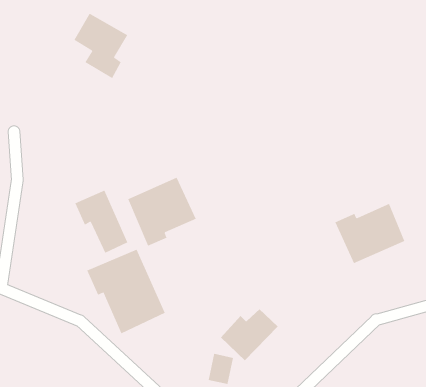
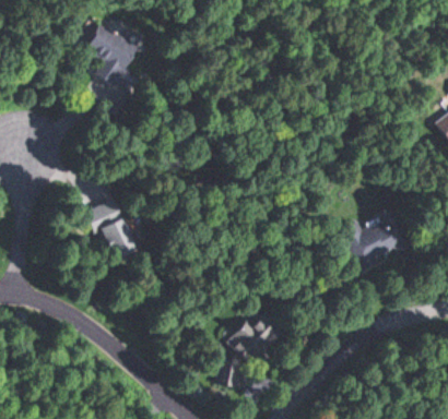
building: [127,177,197,247] -> none
building: [87,249,166,334] -> none

